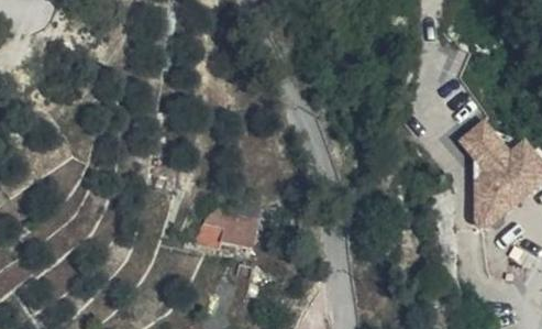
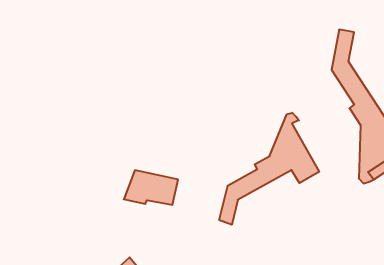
building: none -> [219,113,319,225]

